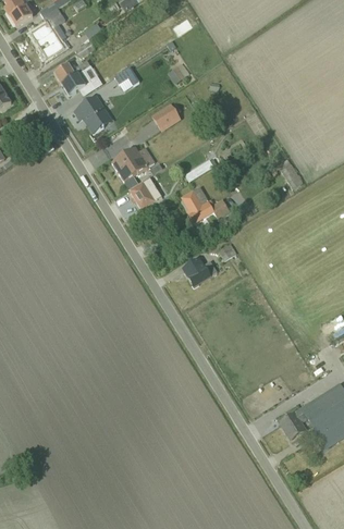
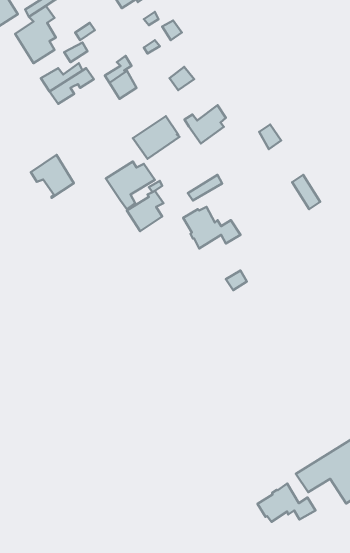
building: [74,95,112,133] -> [31,155,74,198]
building: none -> [184,105,226,144]
building: [182,257,217,286] -> none
building: none -> [258,484,315,522]

